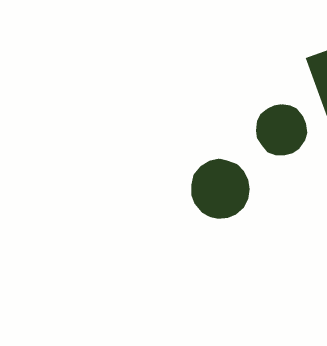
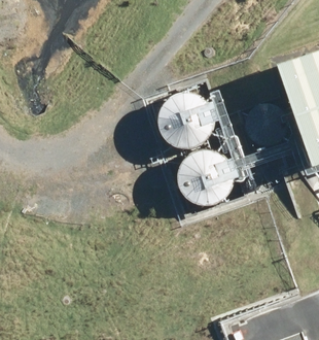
building: none -> [160,95,214,149]

